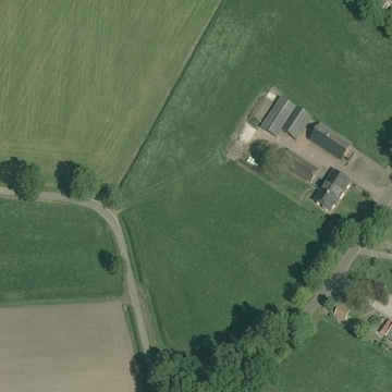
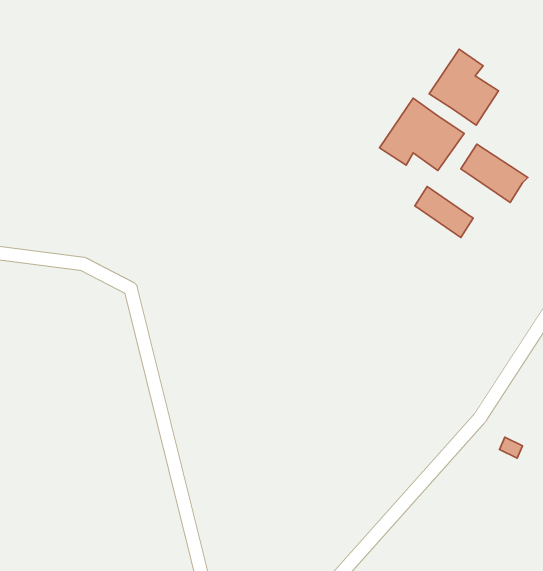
building: none -> [429,49,498,125]
building: [315,169,348,208] -> none

